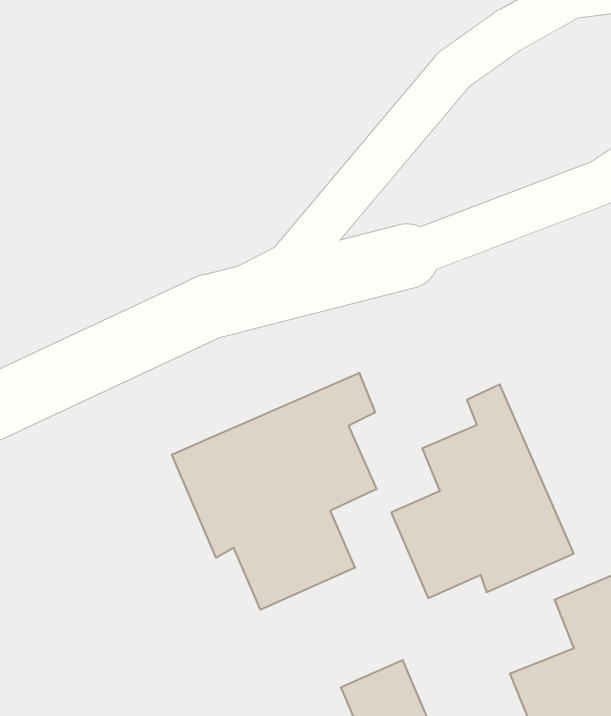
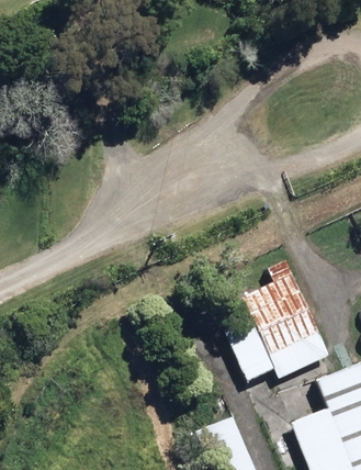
building: [172,373,377,610] -> none

